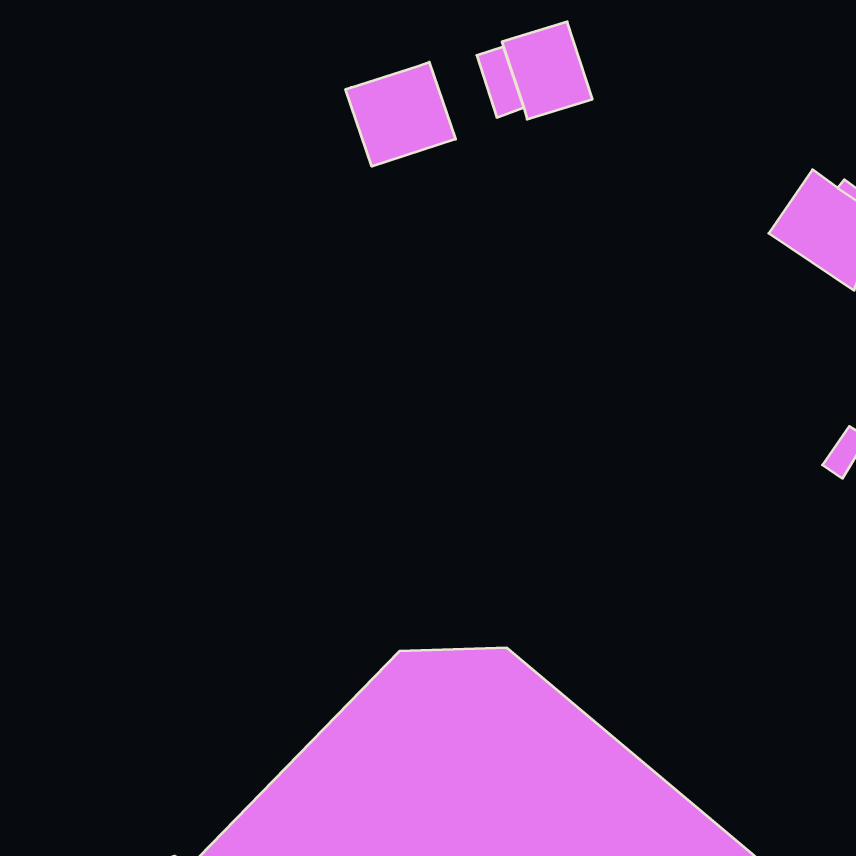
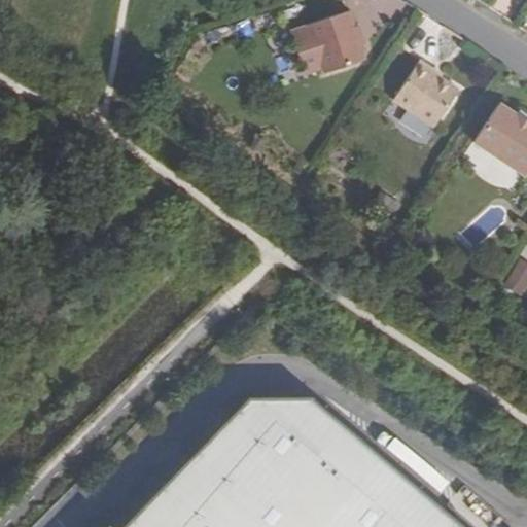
building: [346,62,456,166] -> none
building: none -> [393,62,458,129]

